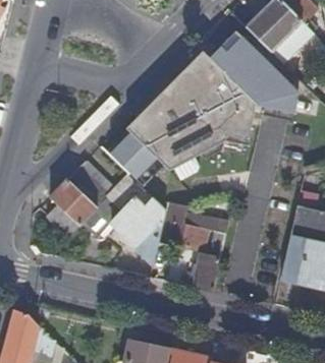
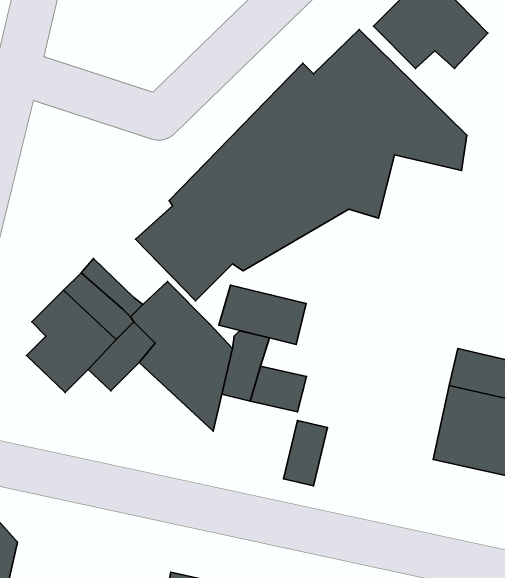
building: none -> [219,285,306,345]

